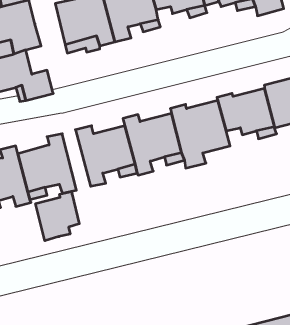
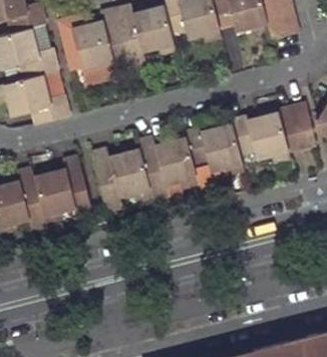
building: [36,191,79,241] -> none

